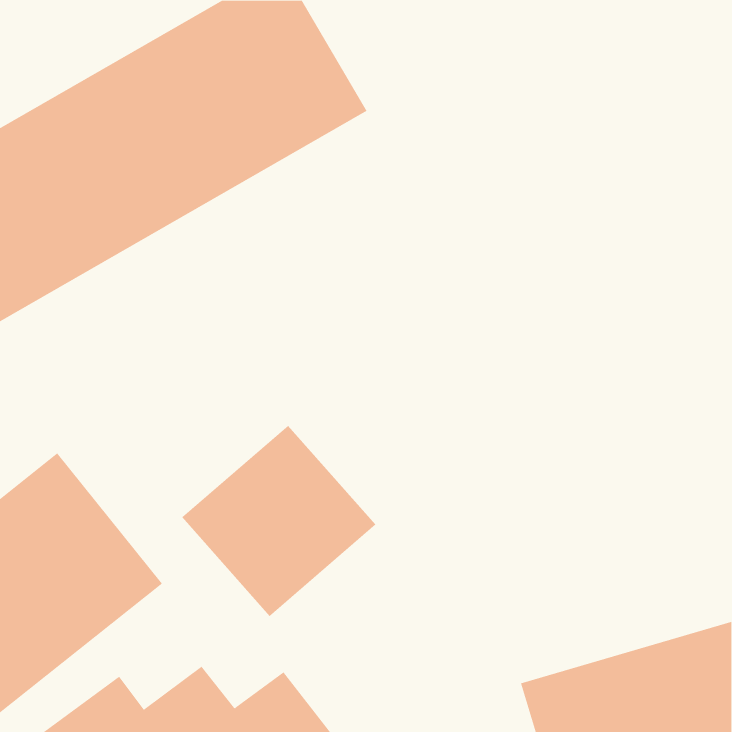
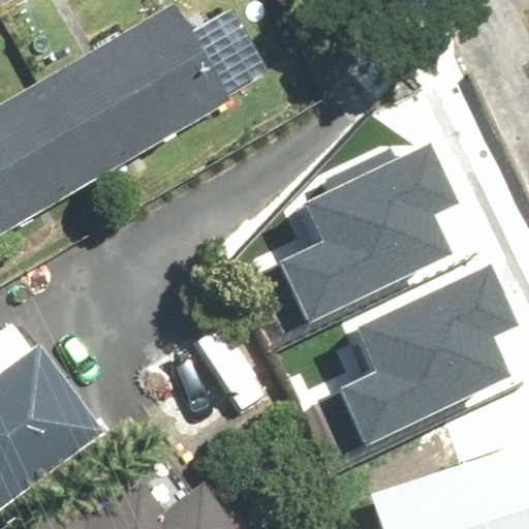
building: none -> [284,150,455,319]
building: none -> [346,269,517,438]

